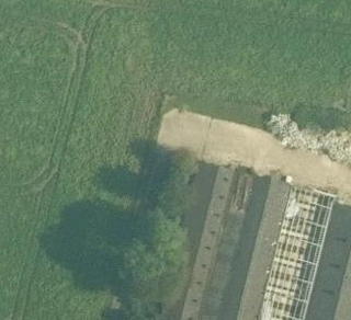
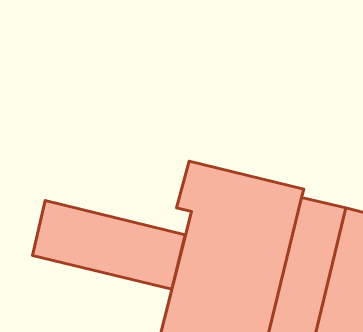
building: none -> [33,201,185,289]

